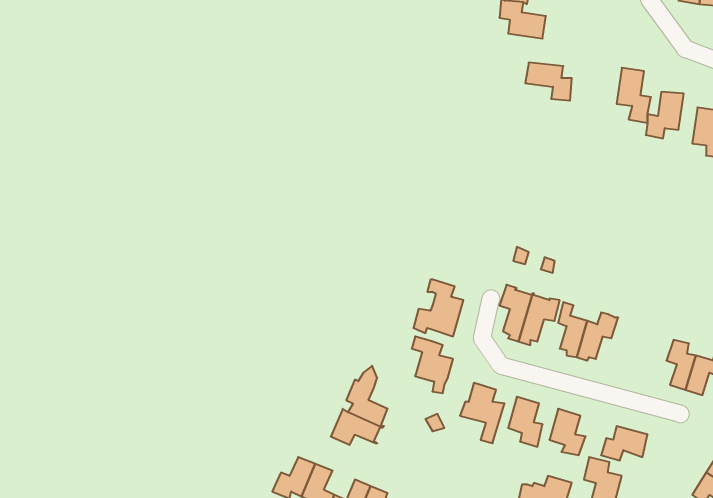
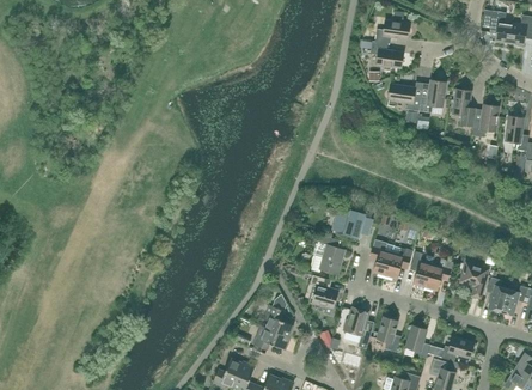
building: none -> [420,80,446,114]
building: none -> [332,209,373,238]
building: none -> [460,263,488,299]

